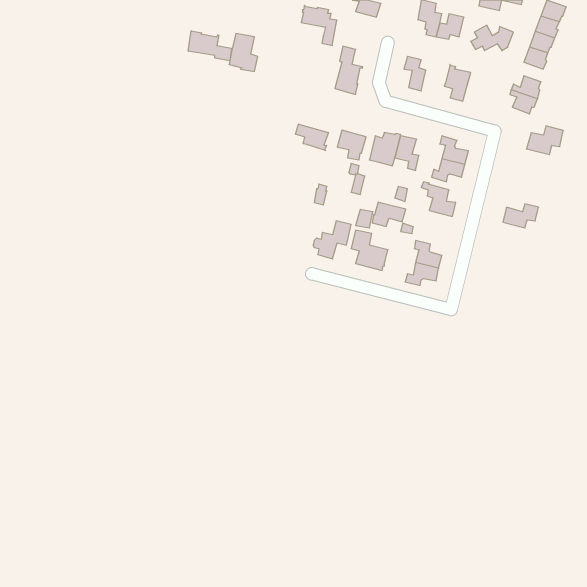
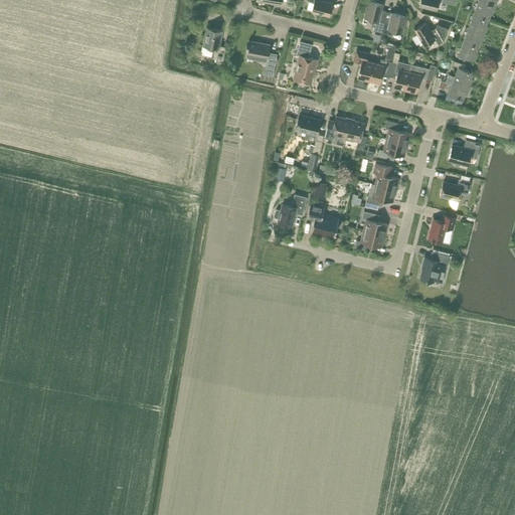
building: [301,5,337,46] -> [246,41,278,76]
building: [188,31,232,61] -> none
building: none -> [369,46,397,83]
building: none -> [405,64,437,93]
building: [296,124,328,150] -> none
building: [526,126,563,155] -> [449,140,481,165]
building: [372,202,406,226] -> [367,184,396,205]
building: none -> [430,214,456,242]
building: none -> [420,251,450,285]

